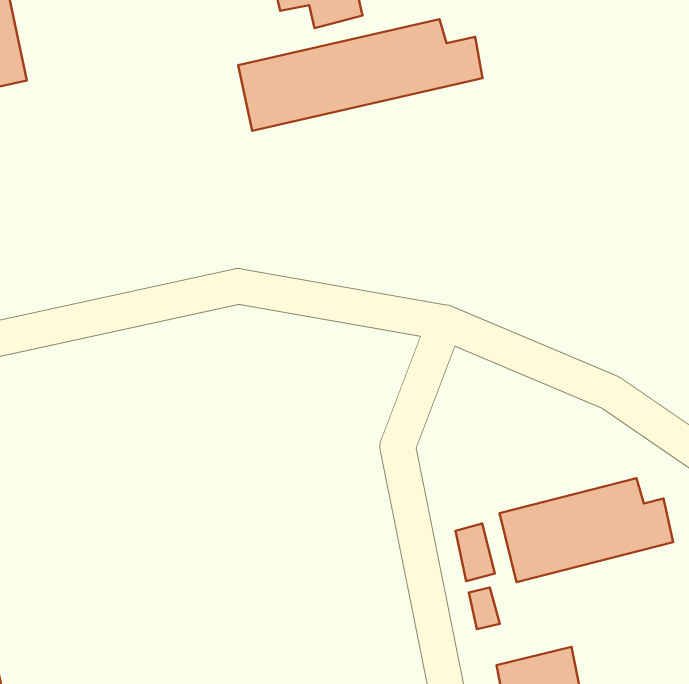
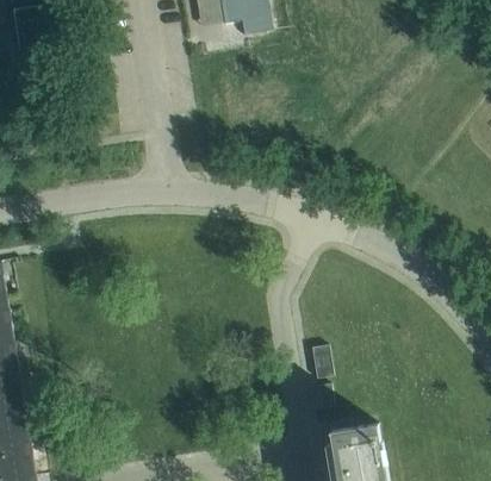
building: [238,19,483,131] -> none
building: [499,478,673,582] -> none

